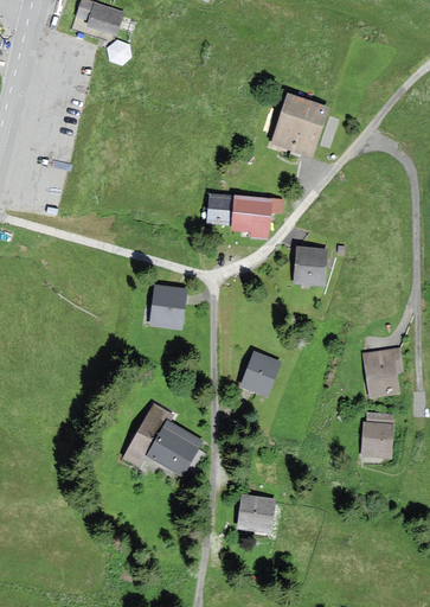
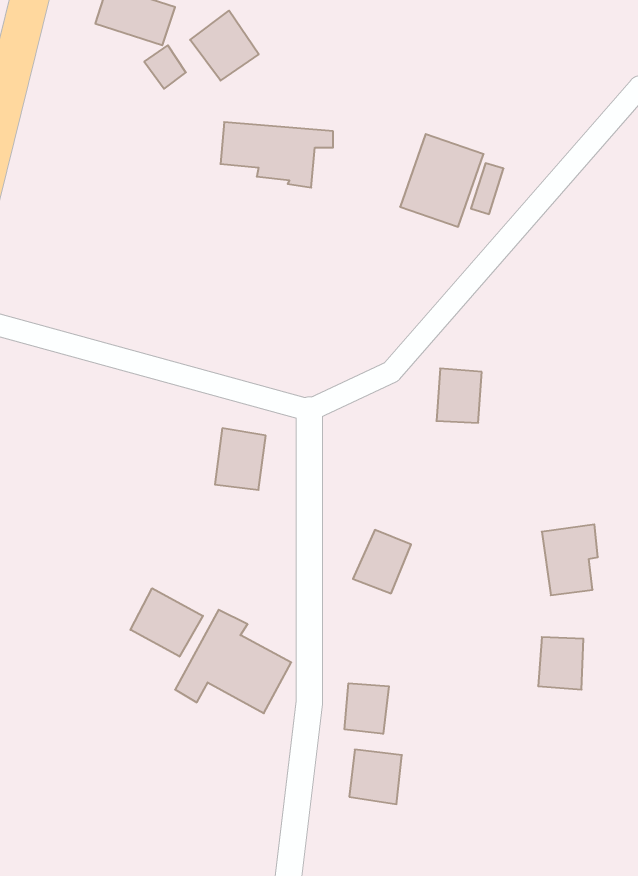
building: none -> [190,11,259,81]
building: [207,193,281,236] -> [220,122,333,188]
building: none -> [130,588,203,657]
building: none -> [345,683,389,734]

